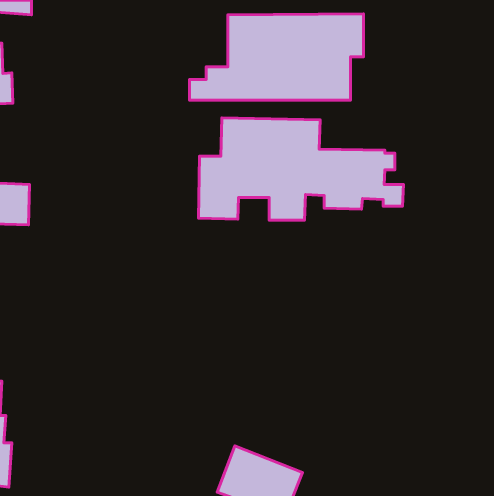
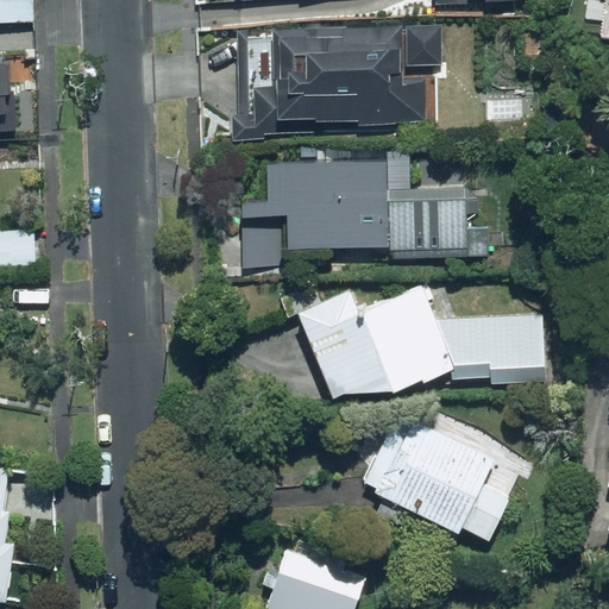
building: none -> [289,284,544,410]
building: none -> [359,412,513,539]

